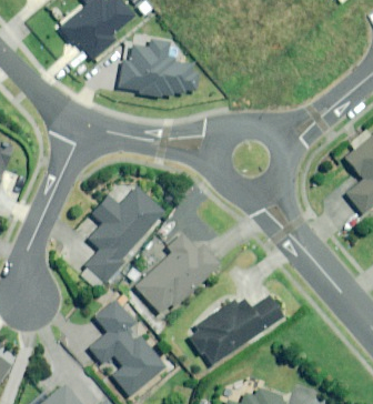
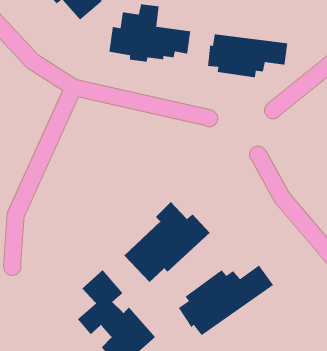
building: none -> [207,34,288,78]
building: [81,184,164,291] -> none

